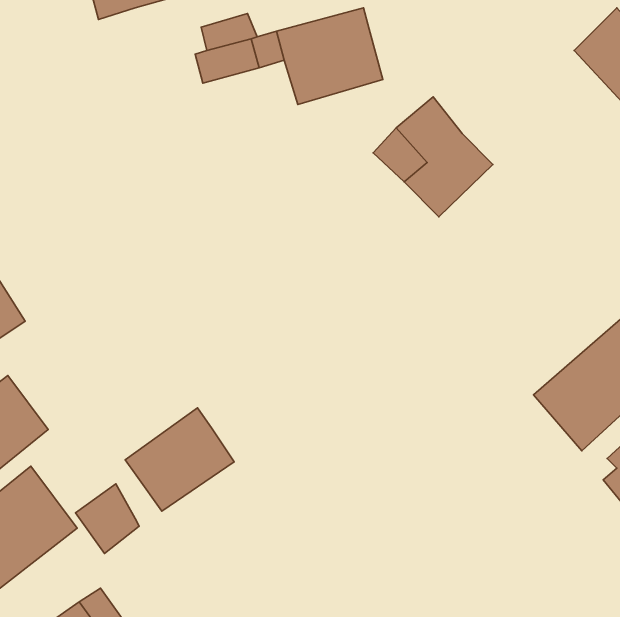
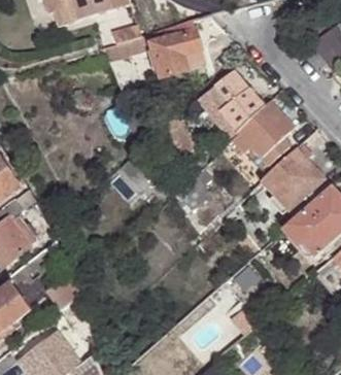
building: none -> [237,104,289,163]
building: none -> [261,148,325,212]
building: [125,408,234,511] -> none

